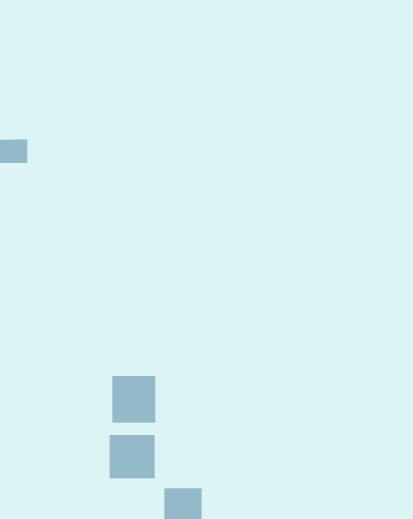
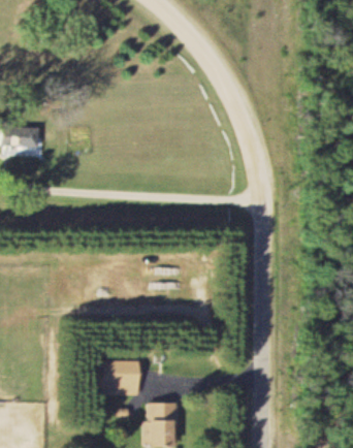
building: [112,375,156,423] -> none

